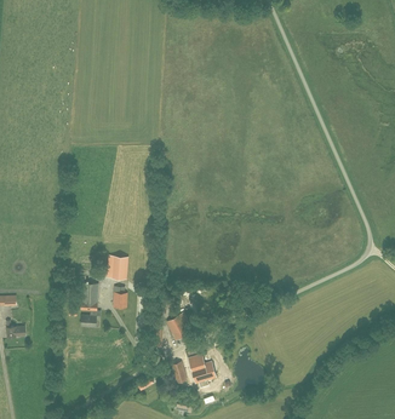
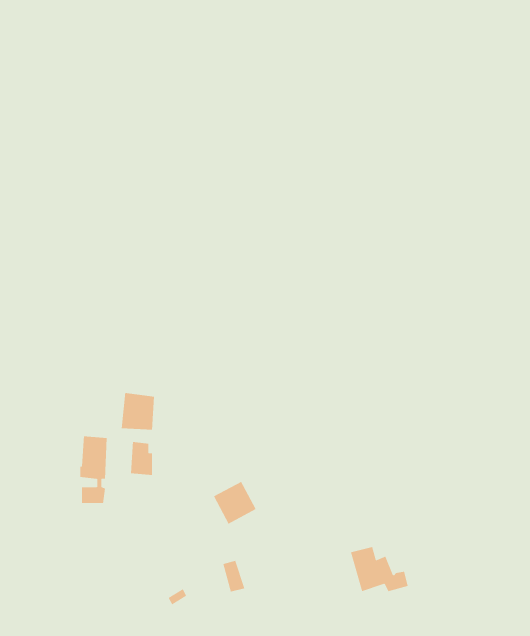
building: [188,355,225,384] -> [350,547,409,592]

